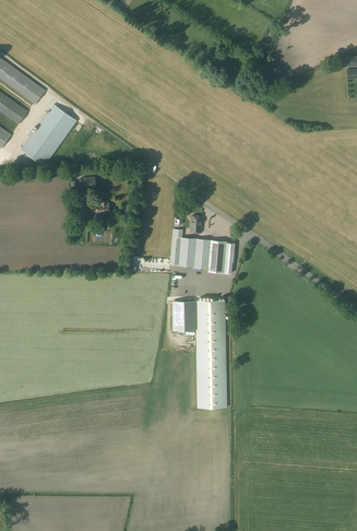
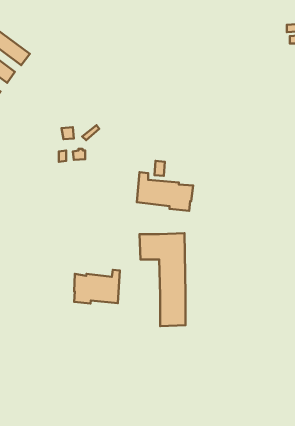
building: [22,104,78,166] -> none
building: none -> [74,270,120,304]

